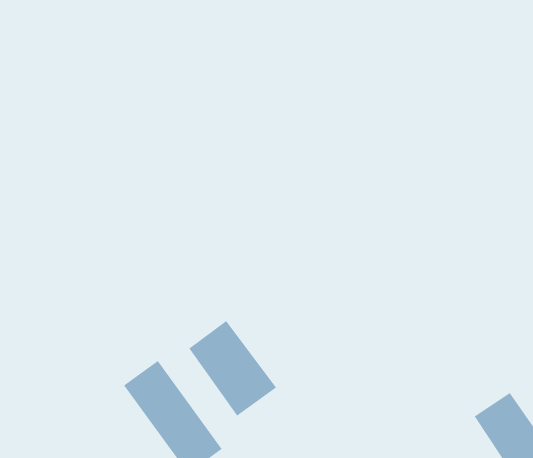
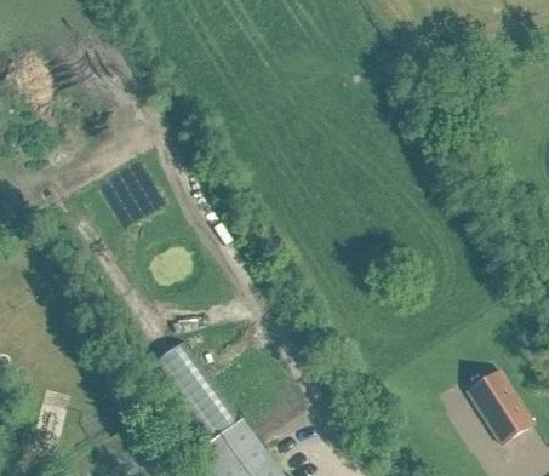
building: [189,320,277,417] -> none

